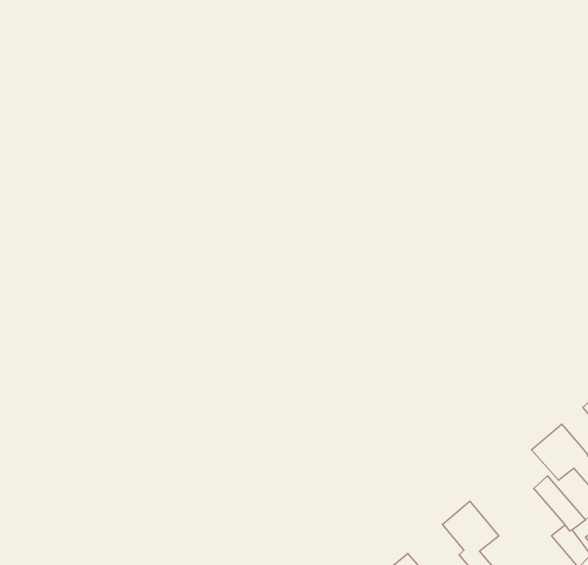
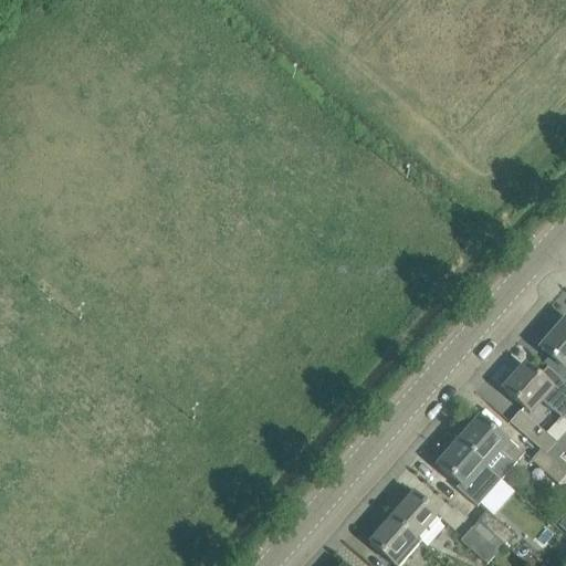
building: none -> [458,416,525,476]

